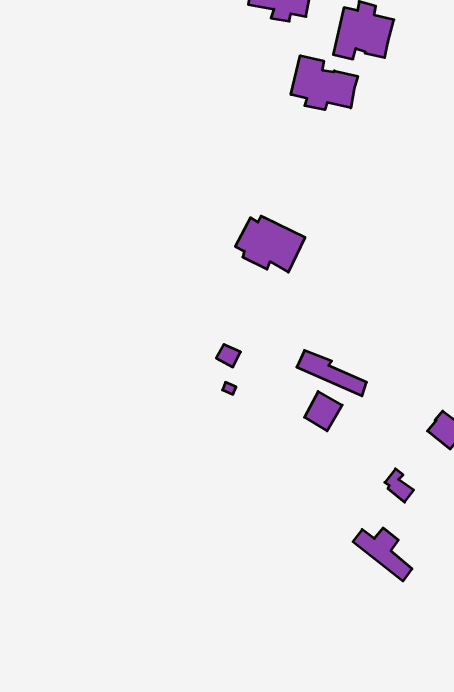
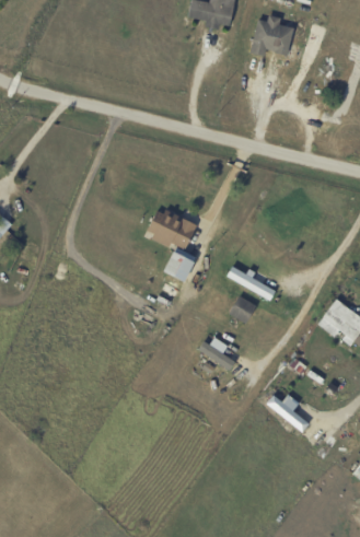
building: [291,56,358,110] -> none
building: [235,216,305,272] -> [148,209,198,249]
building: none -> [197,337,235,370]

